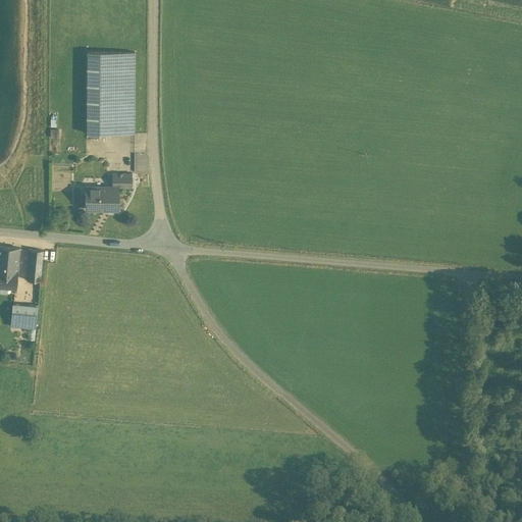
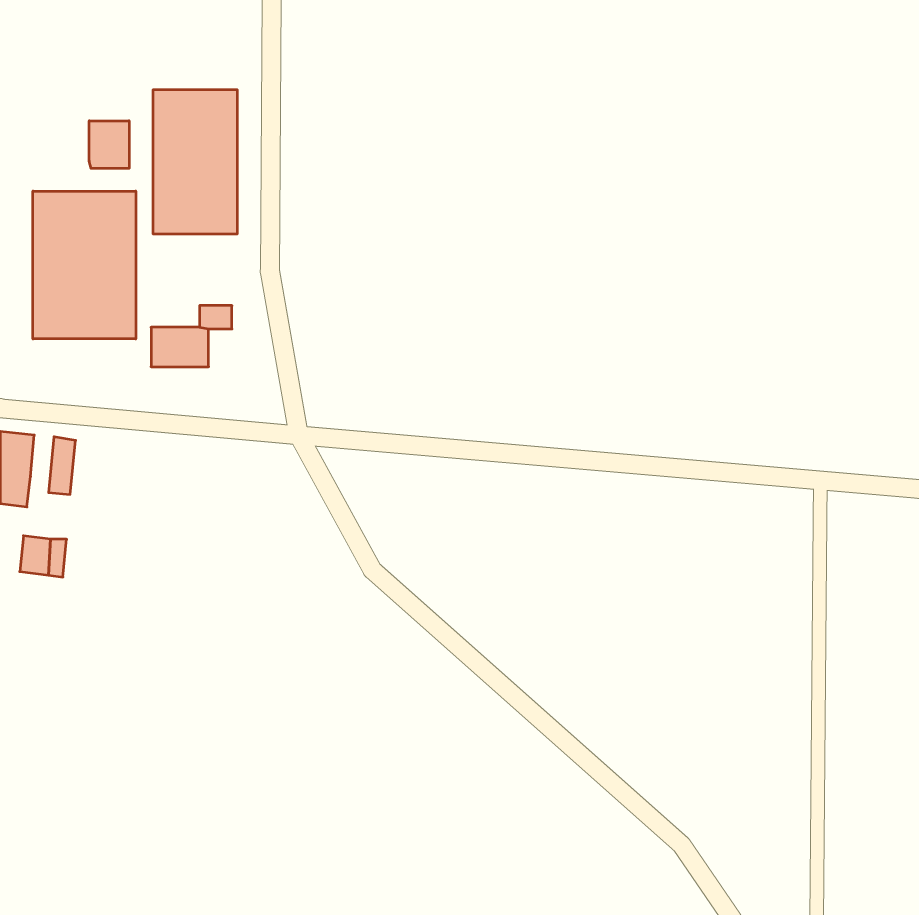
building: none -> [89,121,129,168]
building: none -> [33,191,136,339]

